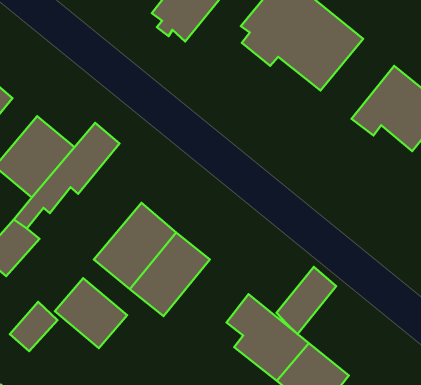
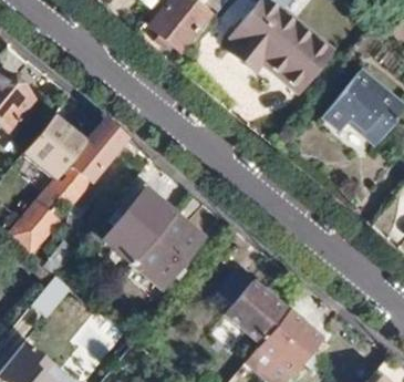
building: [277,267,336,334] -> none
building: [55,278,127,348] -> none

